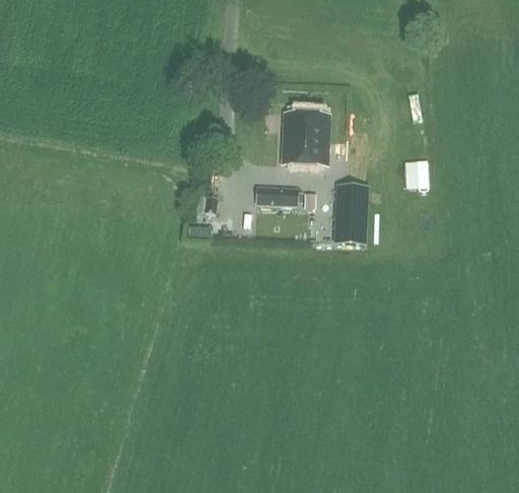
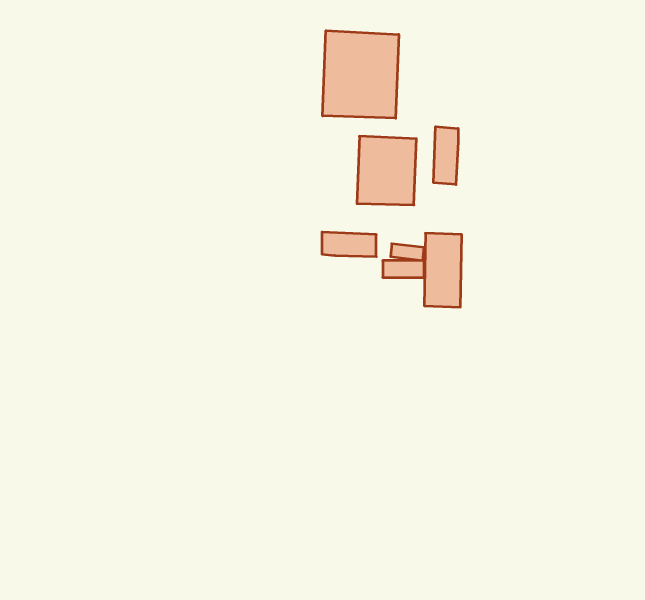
building: none -> [323,31,399,118]
building: none -> [434,127,458,185]

